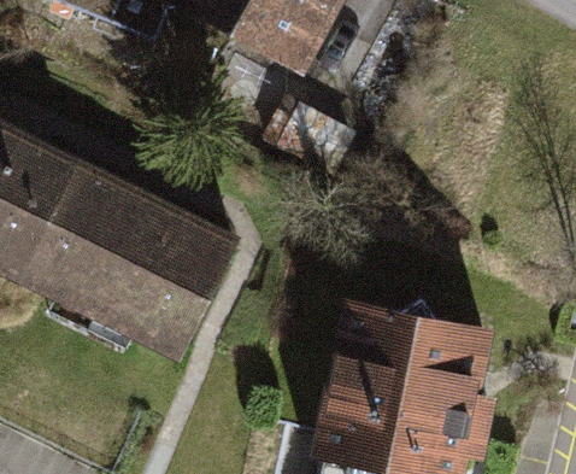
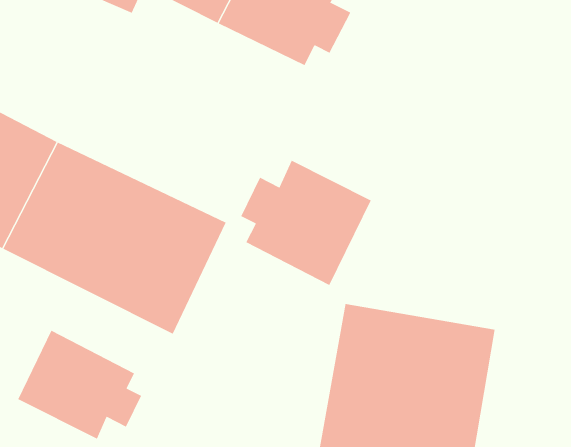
building: none -> [241,160,371,286]
building: none -> [17,330,142,439]

